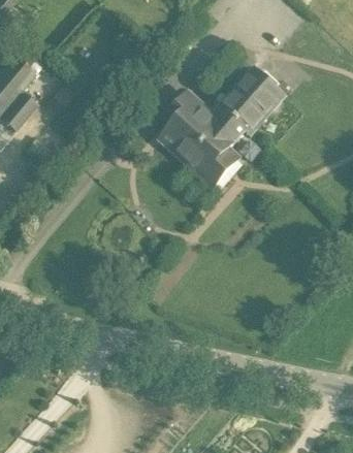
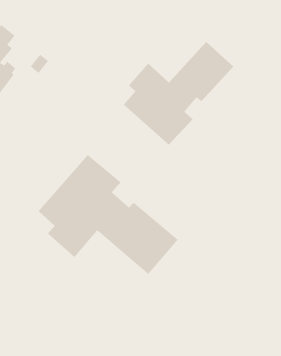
building: none -> [38,154,179,275]

